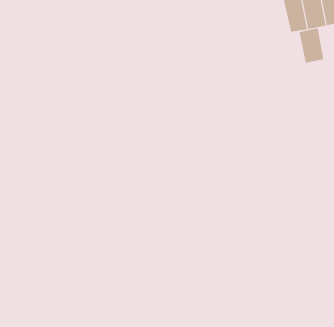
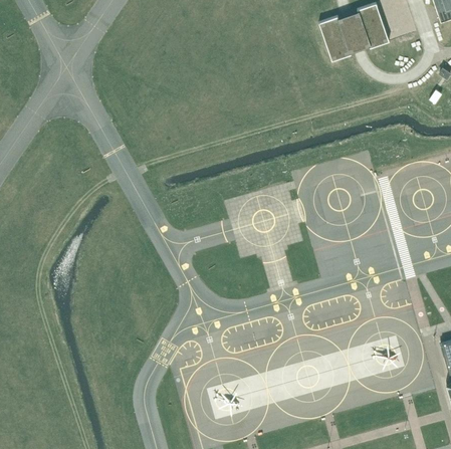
building: [299,28,324,63] -> none

